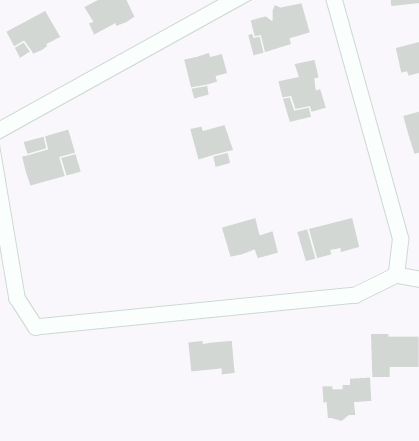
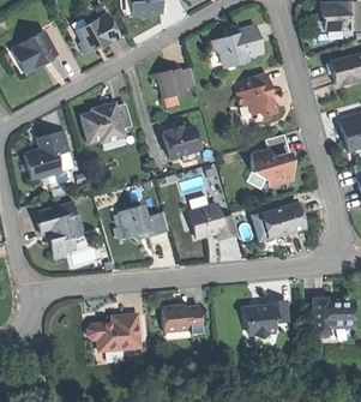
building: none -> [82,103,131,140]
building: none -> [252,134,293,182]
building: none -> [38,202,83,253]
building: none -> [120,204,170,235]
building: none -> [88,313,139,349]
building: [321,377,372,422] -> [245,300,287,337]

